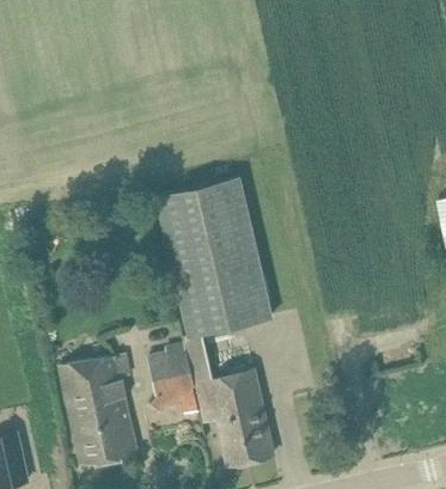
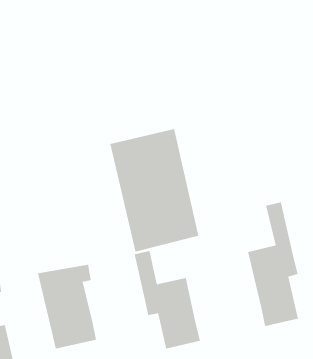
building: none -> [247,202,298,327]
building: [145,343,196,417] -> none

